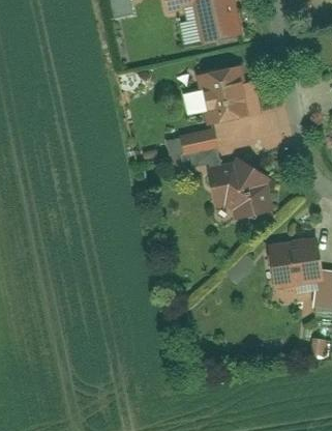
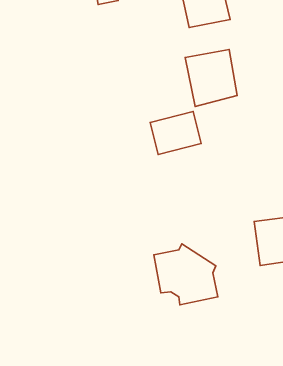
building: [208,156,274,220] -> [154,244,218,305]

